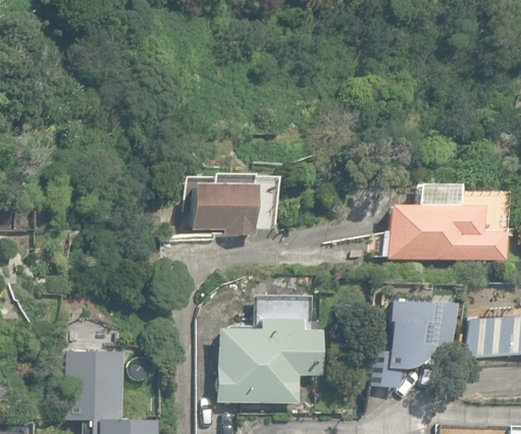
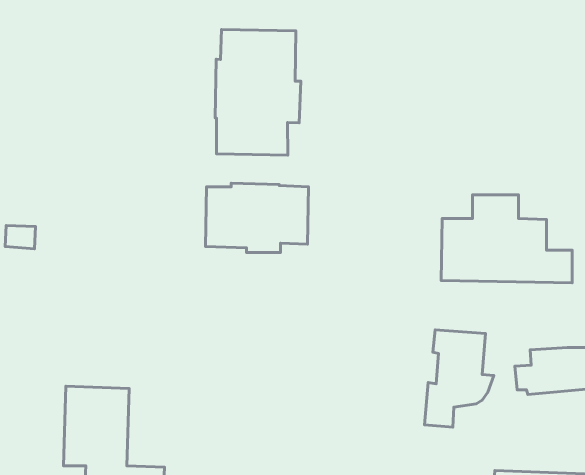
building: none -> [215,29,301,155]
building: [217,317,324,400] -> none

